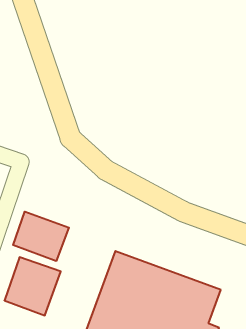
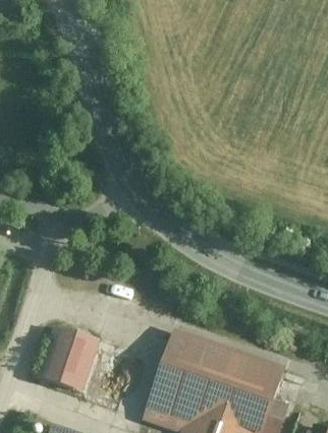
building: [13,212,69,261] -> none

